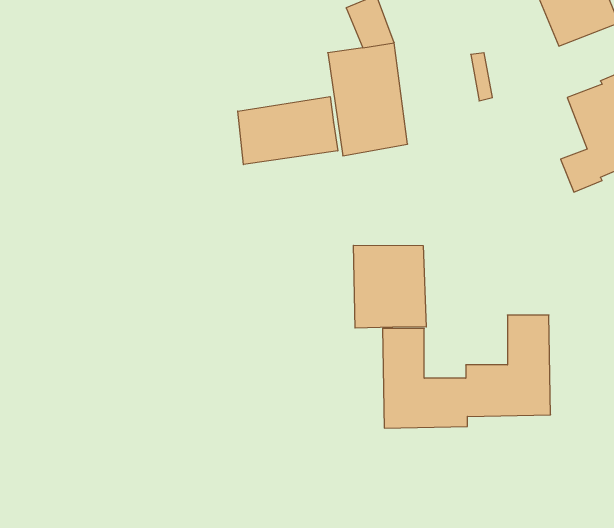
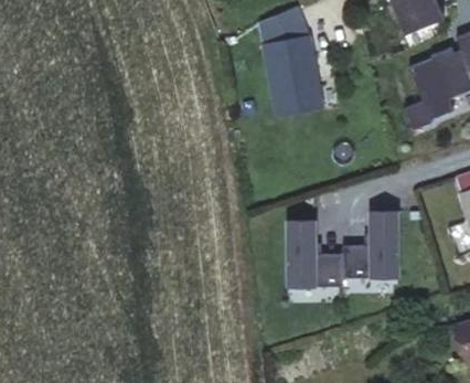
building: [238,97,338,165] -> none
building: [354,245,426,328] -> none

